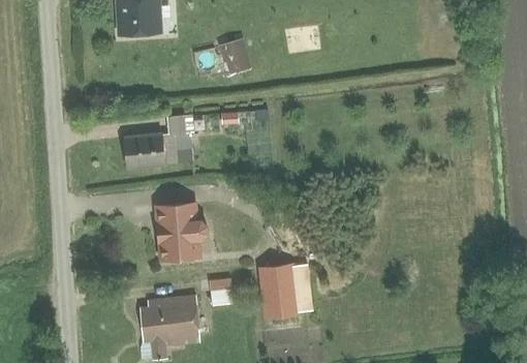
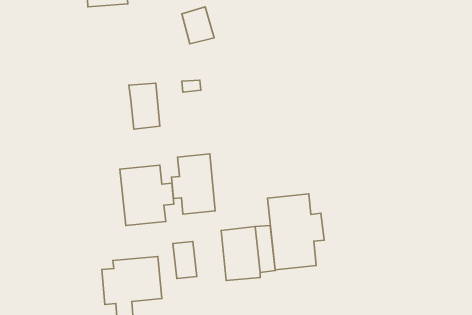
building: [121,133,168,168] -> none
building: none -> [171,154,215,214]
building: none -> [268,194,324,270]

